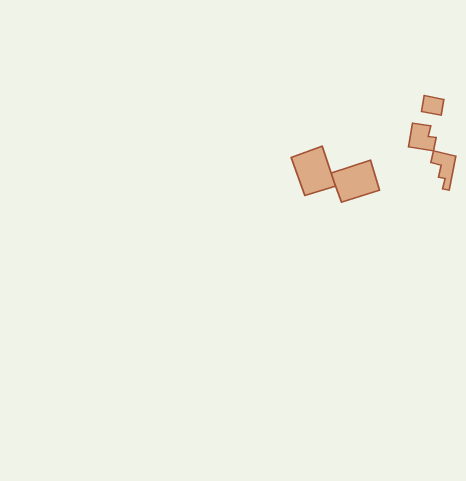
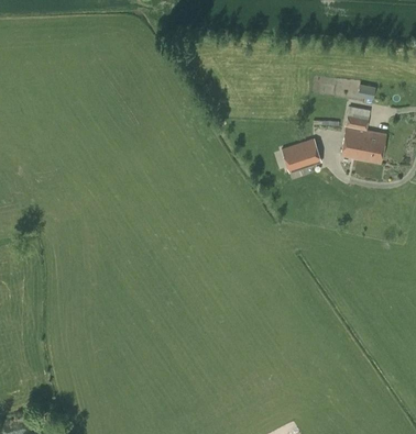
building: [291,146,335,196] -> none
building: none -> [340,126,376,162]

